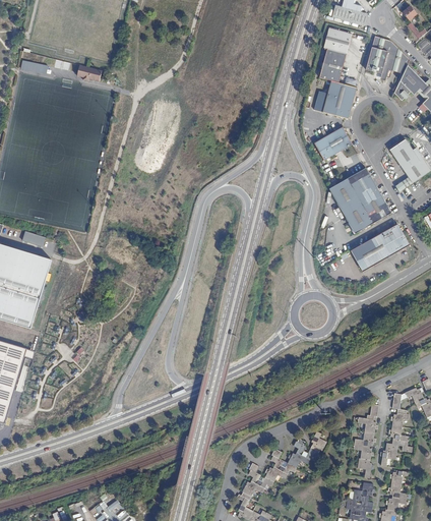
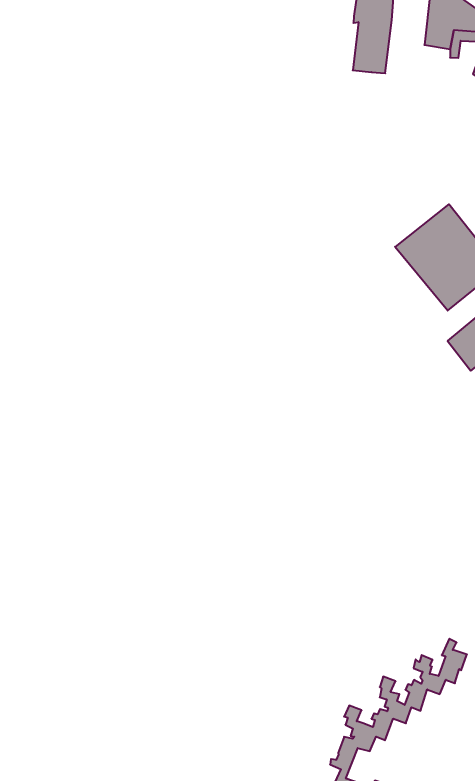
building: [314,80,357,120] -> none
building: [313,125,352,159] -> none

